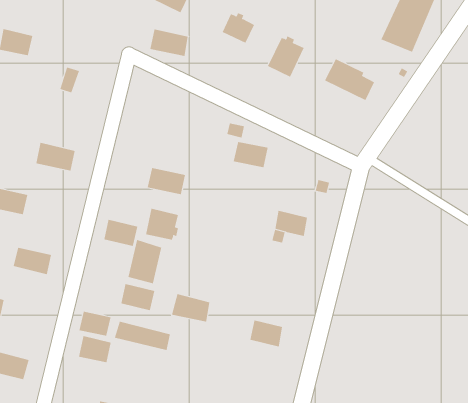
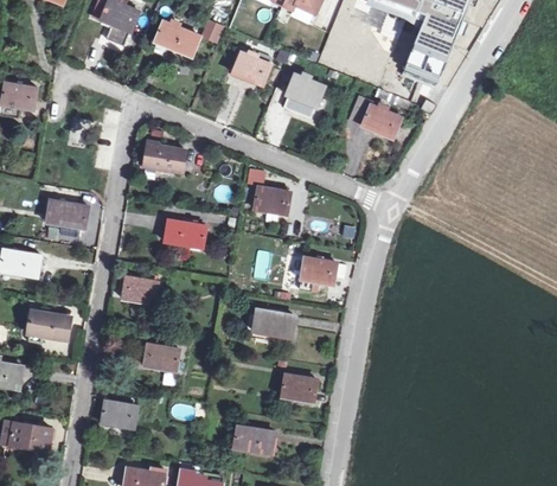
building: [150,29,189,57] -> [145,143,185,171]
building: [145,208,178,240] -> none
building: [128,239,162,284] -> none
building: [171,294,210,322] -> [252,308,293,337]
building: [79,311,111,337] -> none
building: [114,321,171,351] -> none
building: none -> [233,424,274,453]

